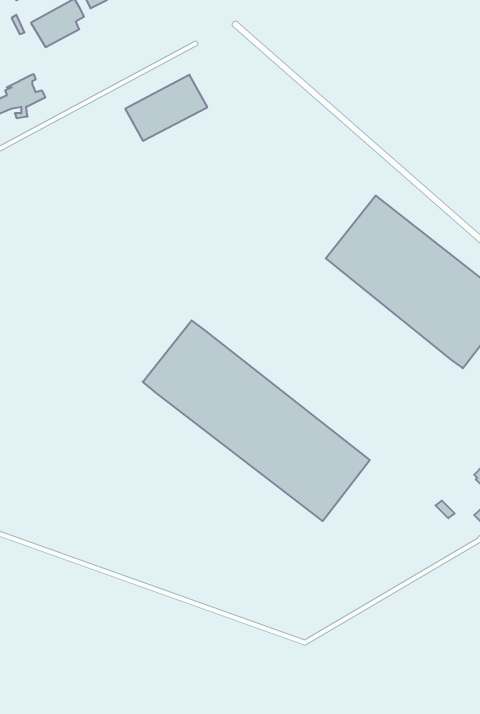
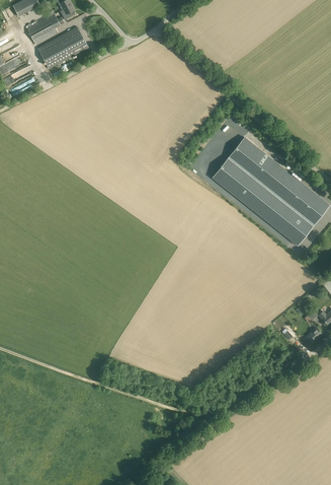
building: [125,75,207,141] -> [36,26,88,68]
building: [143,320,370,521] -> none

